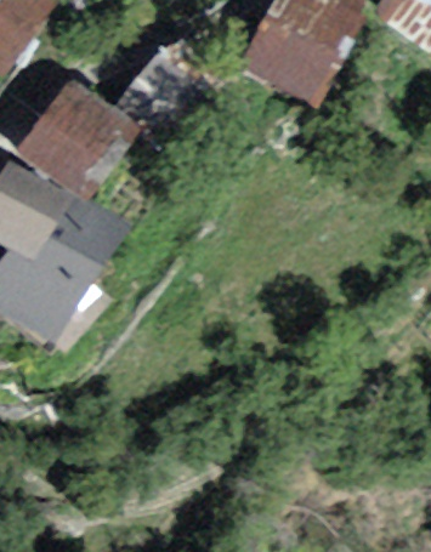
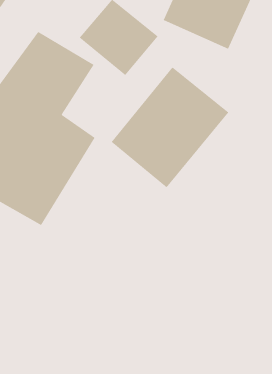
building: none -> [111,67,229,188]

